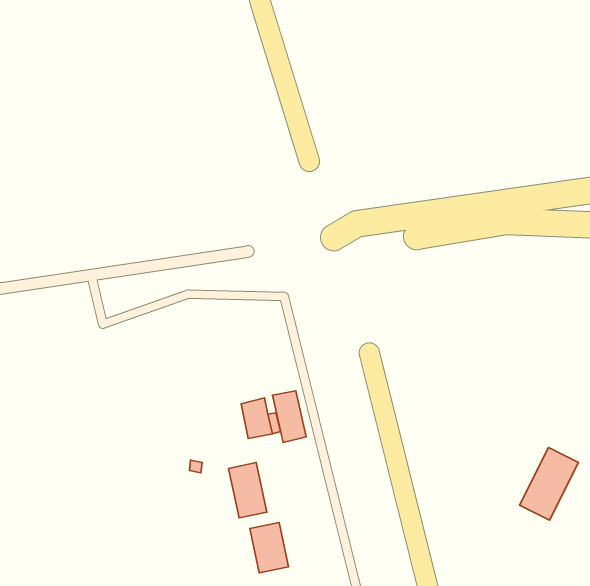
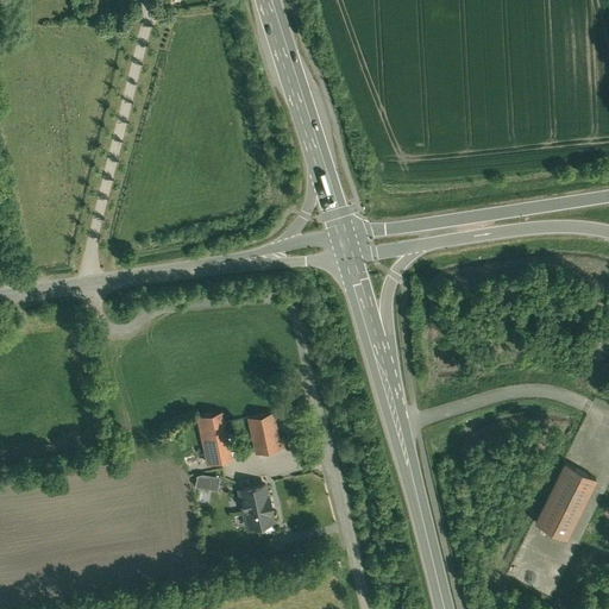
building: [273,391,306,443] -> [197,413,232,466]
building: [250,522,289,573] -> none

